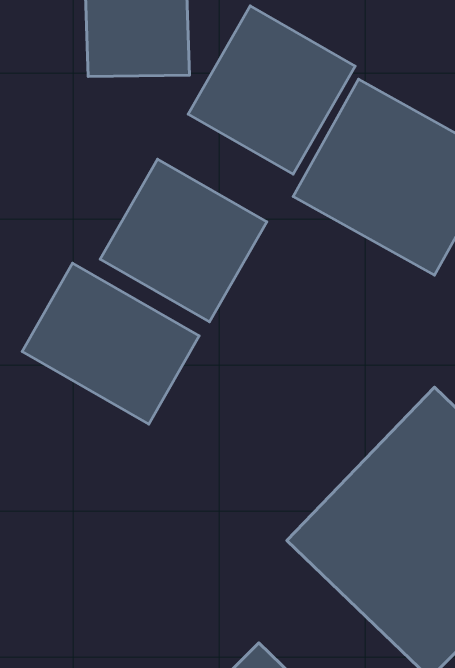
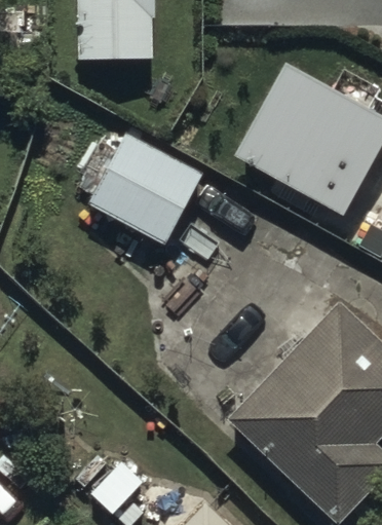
building: [188,6,355,174] -> none
building: [22,263,199,424] -> none

